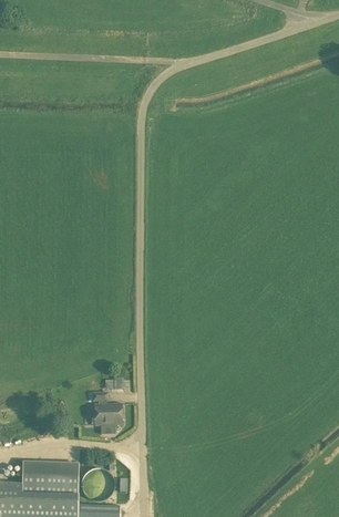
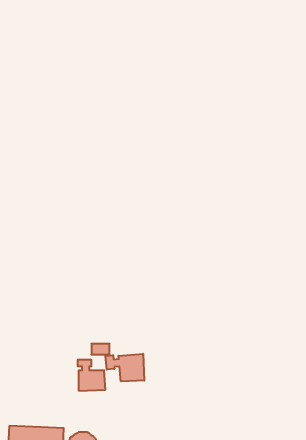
building: none -> [105,354,144,381]

